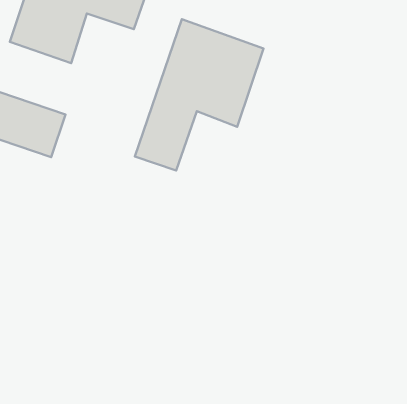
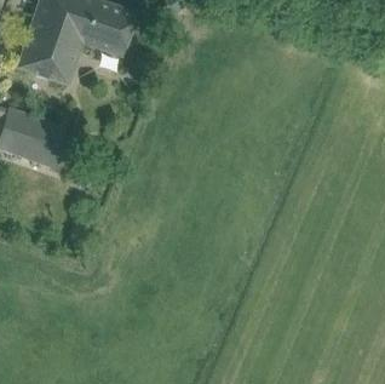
building: [135,19,264,171] -> none

